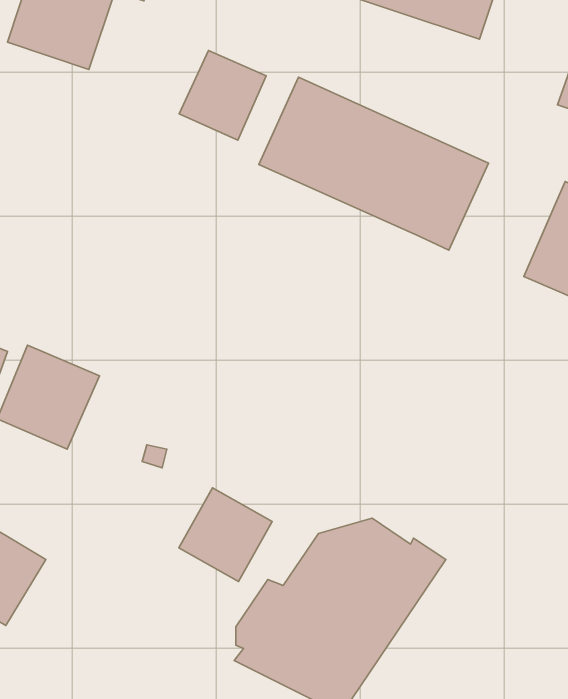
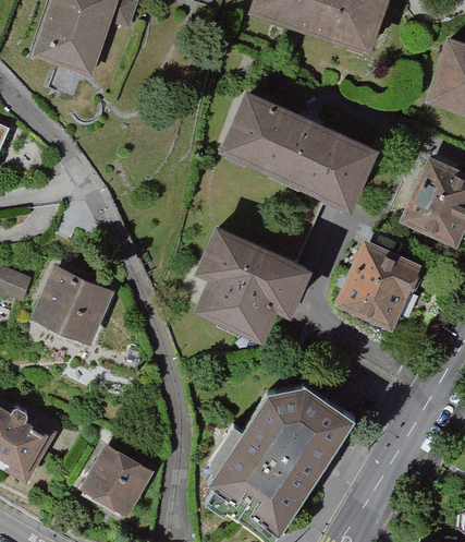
building: [179,50,266,140] -> none
building: none -> [201,234,306,335]
building: none -> [335,241,424,334]
building: [179,488,272,581] -> [85,441,151,507]

